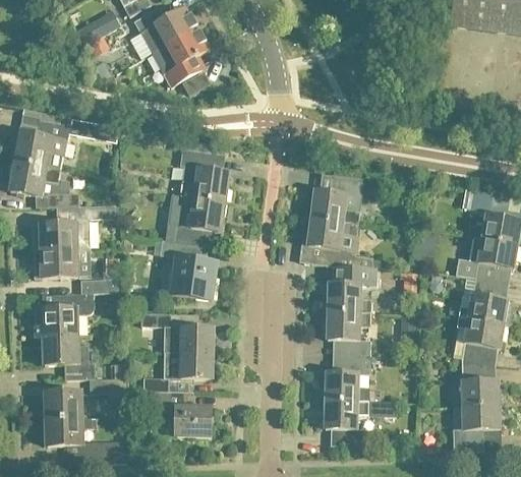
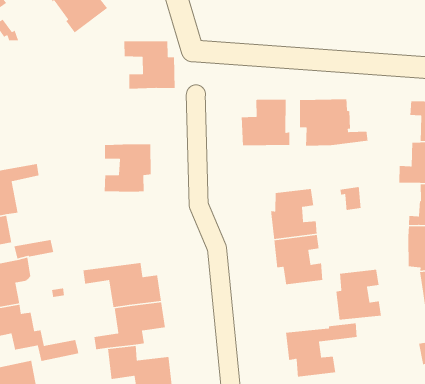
building: [180,150,229,202] -> [123,41,176,89]
building: [307,218,371,267] -> [299,99,369,147]
building: [152,240,217,300] -> none
building: [326,356,369,403] -> [335,269,382,320]

